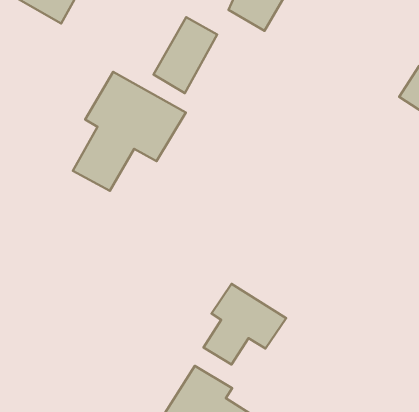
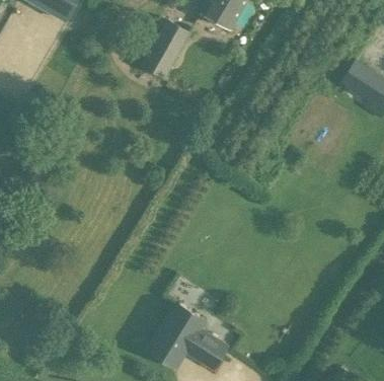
building: [73,72,186,191] -> none
building: [204,284,286,364] -> none

